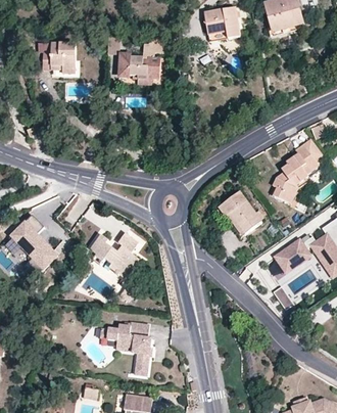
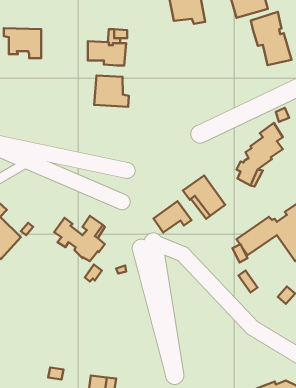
building: none -> [251,12,291,65]
building: none -> [94,75,129,107]
building: none -> [153,201,192,232]
building: [106,322,150,375] -> none

